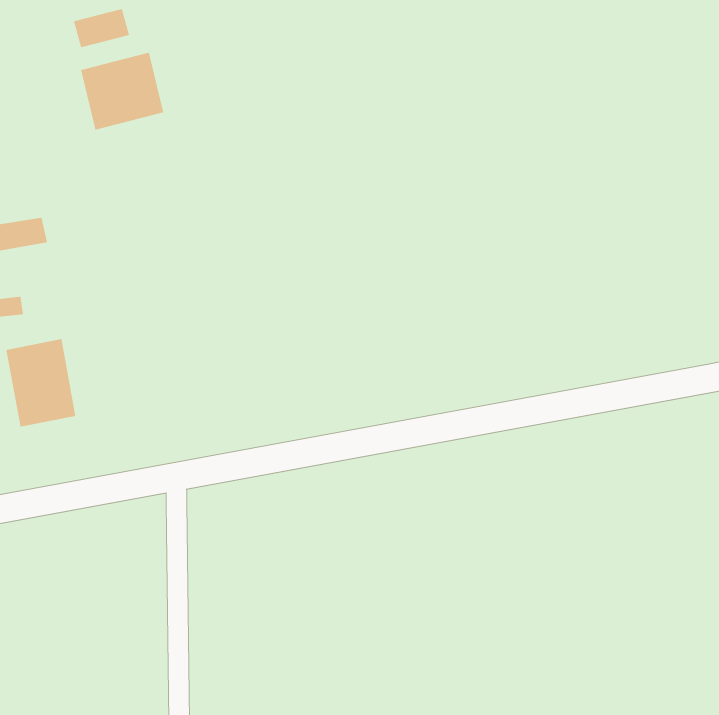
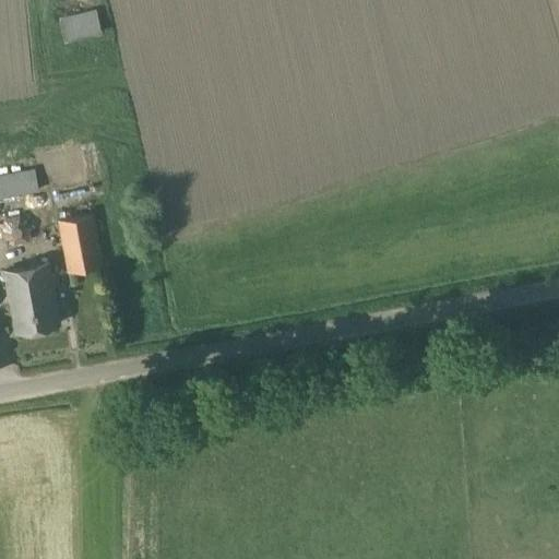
building: [80,52,164,130] -> none
building: none -> [61,218,103,274]

